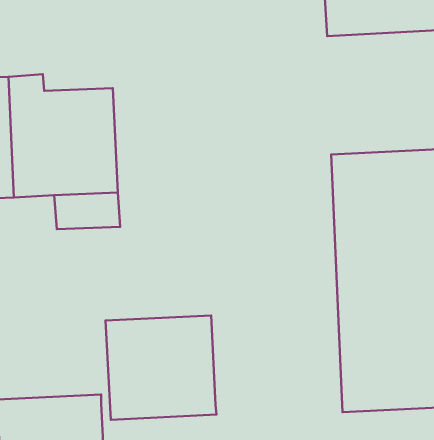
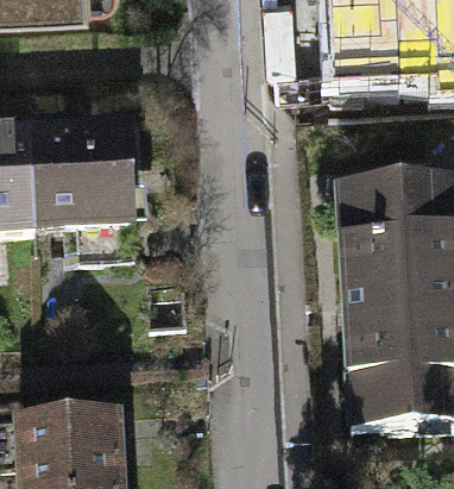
building: [105,315,216,420] -> none

